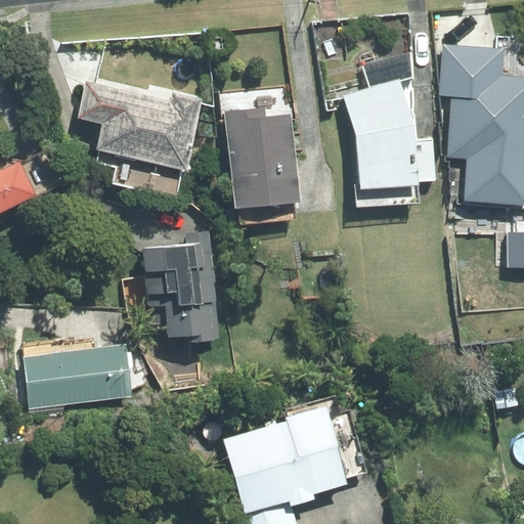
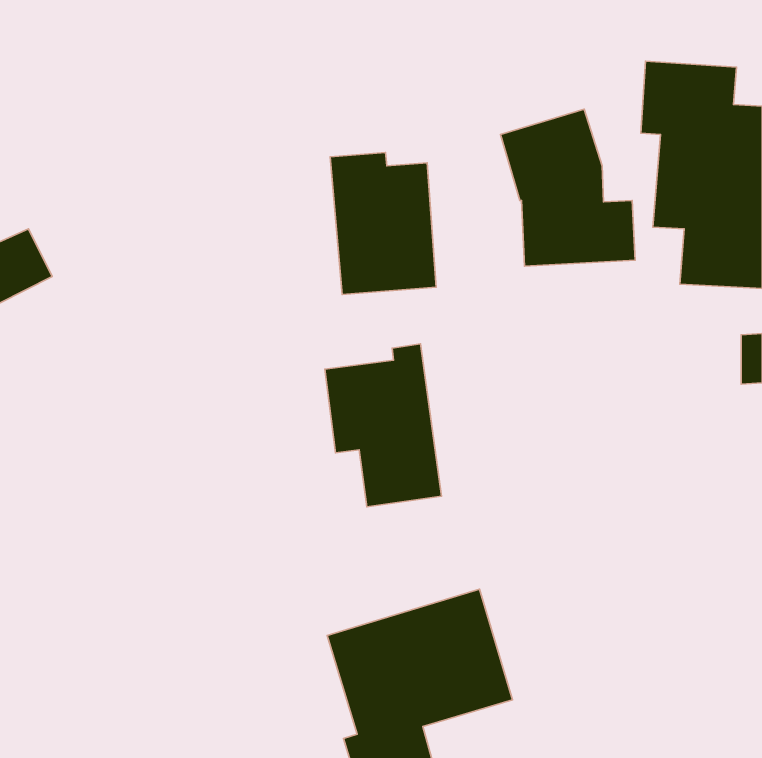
building: [78,82,202,170] -> none
building: [141,232,221,344] -> [325,344,441,507]
building: [23,343,133,411] -> none

